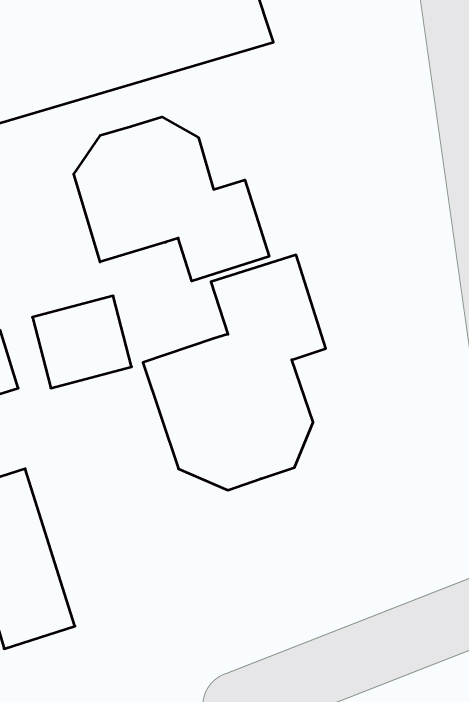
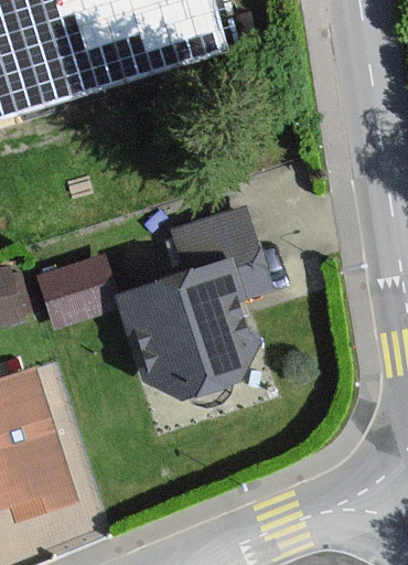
building: [74,117,269,281] -> none

